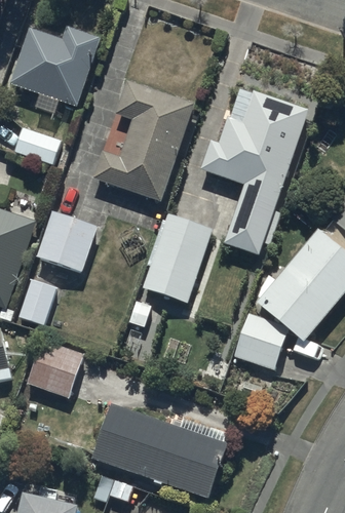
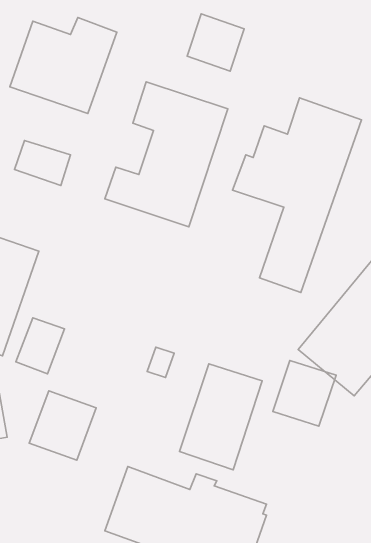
building: none -> [187,14,244,71]
building: [36,210,98,273] -> none
building: [143,214,213,304] -> [179,364,262,470]

